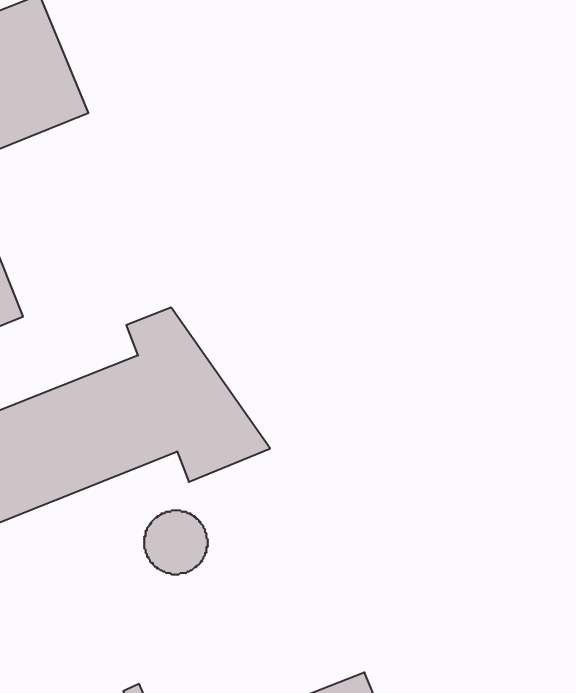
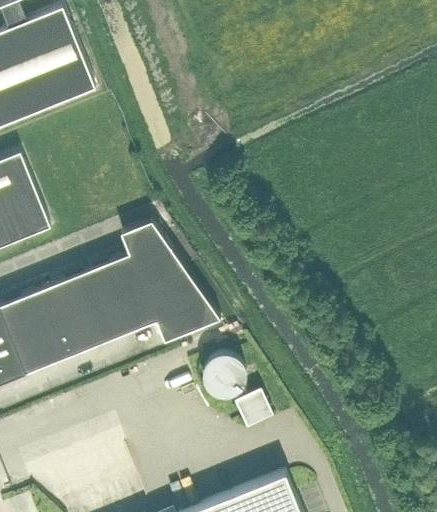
building: [144,510,208,574] -> [201,354,245,398]
building: none -> [235,390,272,427]

